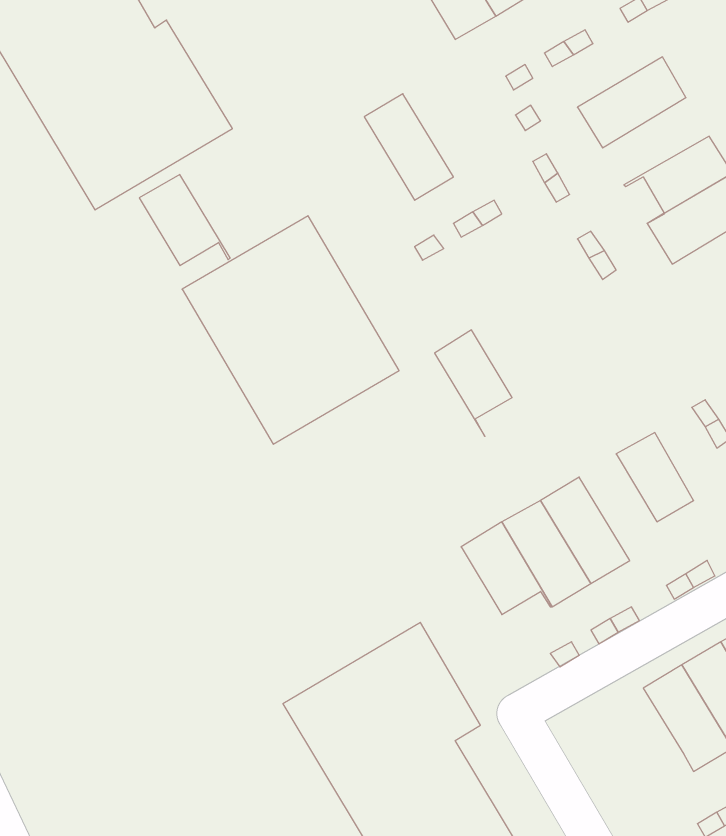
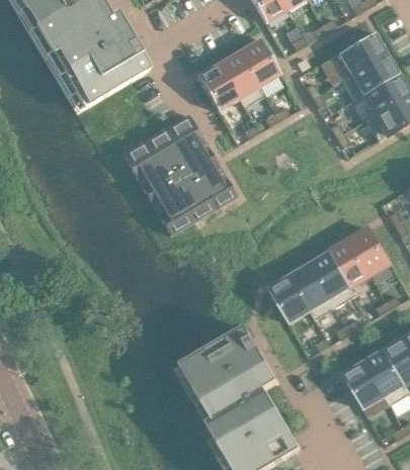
building: none -> [237,37,279,94]
building: none -> [341,53,397,98]
building: [139,175,230,266] -> [195,63,243,110]
building: [435,330,512,436] -> [329,239,370,294]
building: none -> [341,361,384,407]

